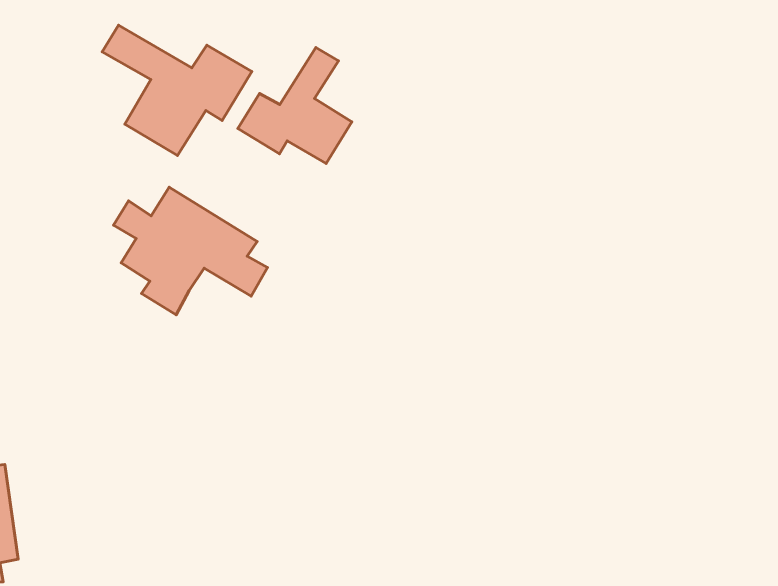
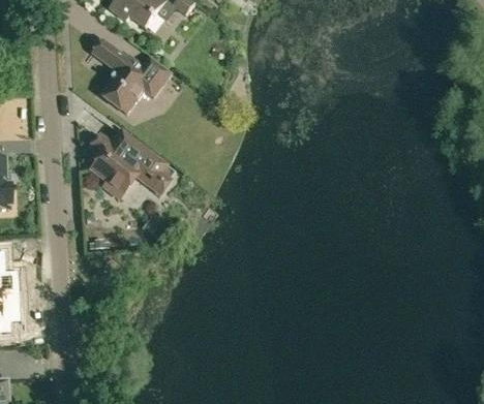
building: [238,47,352,163] -> none

